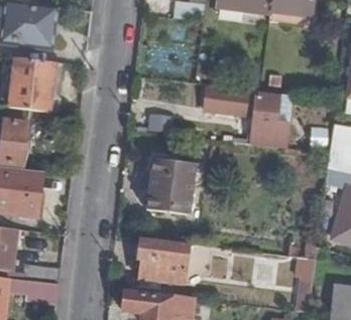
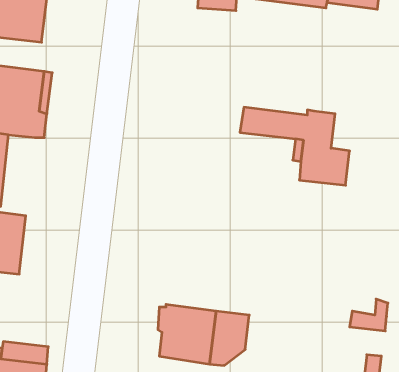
building: [147,159,196,214] -> none

